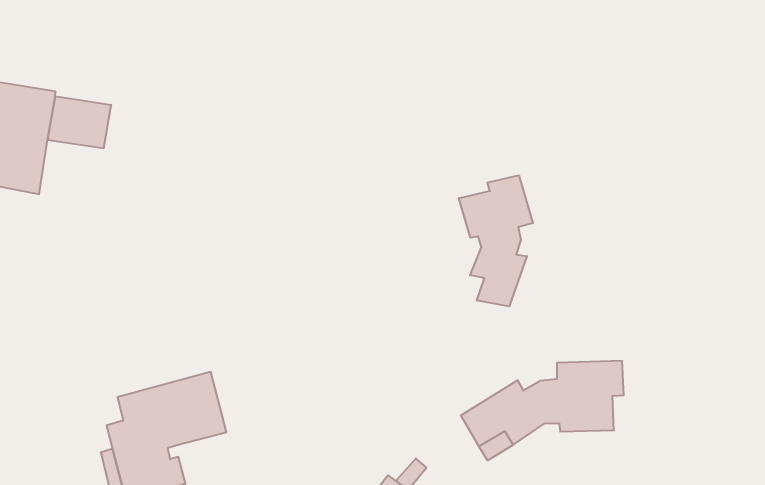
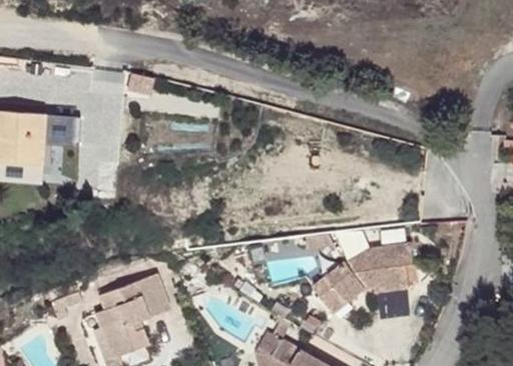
building: [459,175,533,306] -> none

